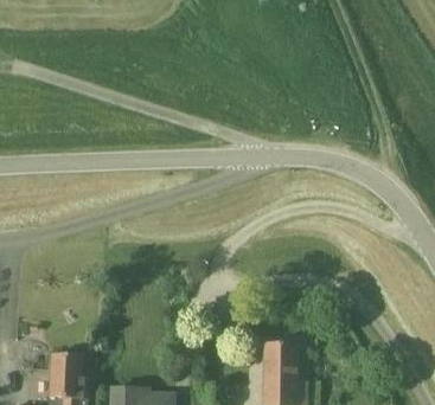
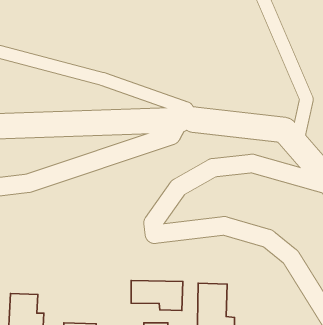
building: none -> [131,281,183,311]

